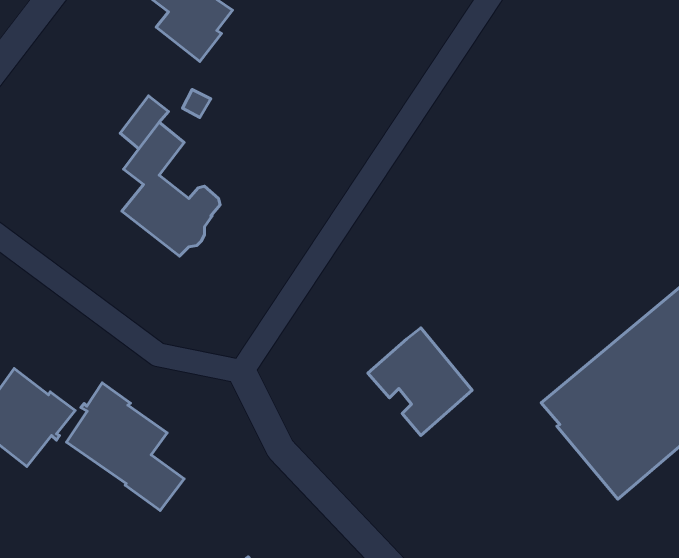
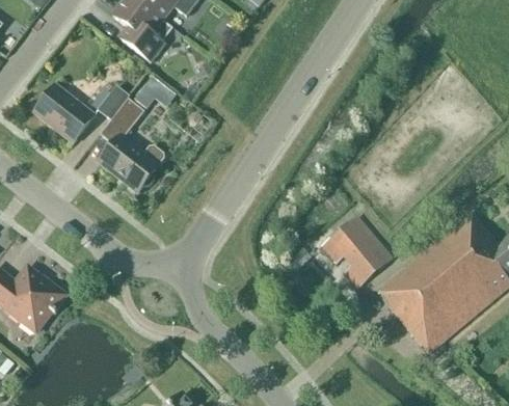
building: none -> [34,84,93,141]
building: [368,328,472,435] -> [322,215,392,287]
building: [66,383,184,511] -> none

